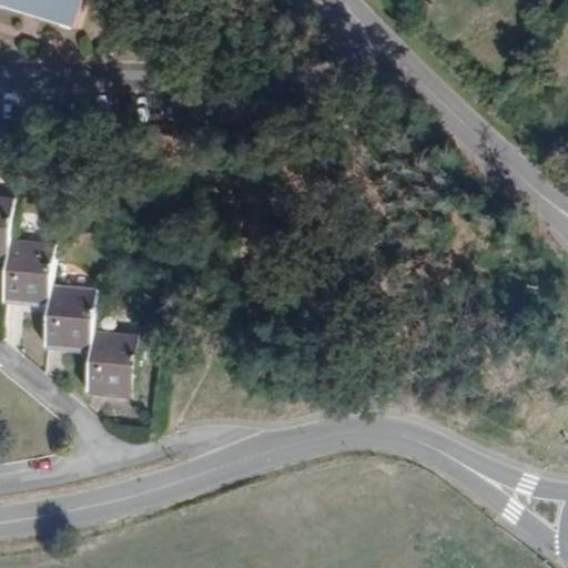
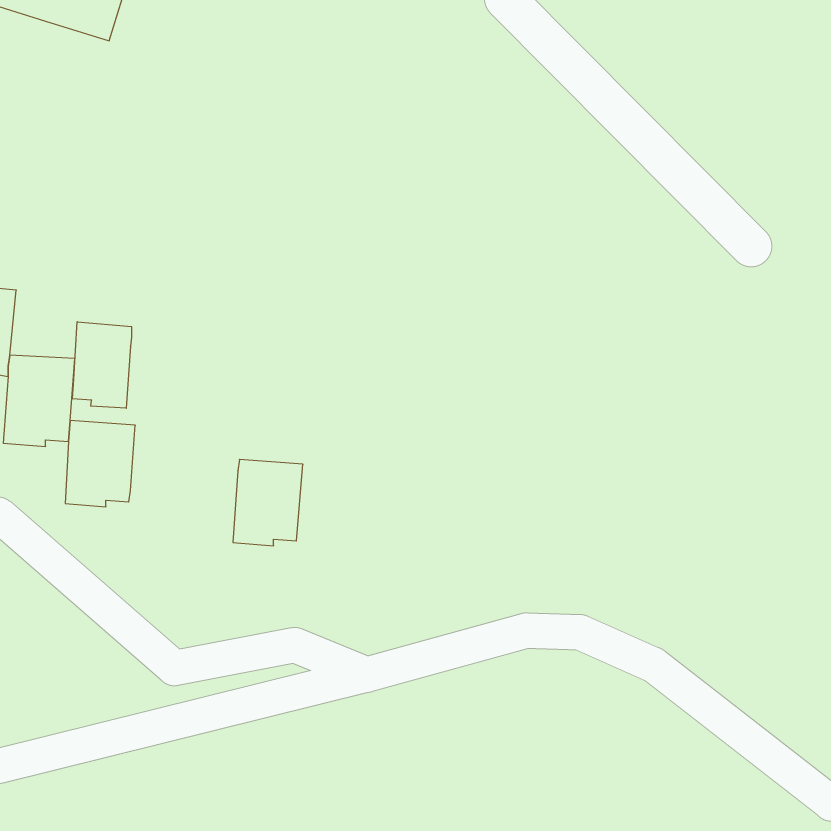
building: none -> [72,322,132,408]
building: [84,334,132,393] -> [233,459,303,546]

